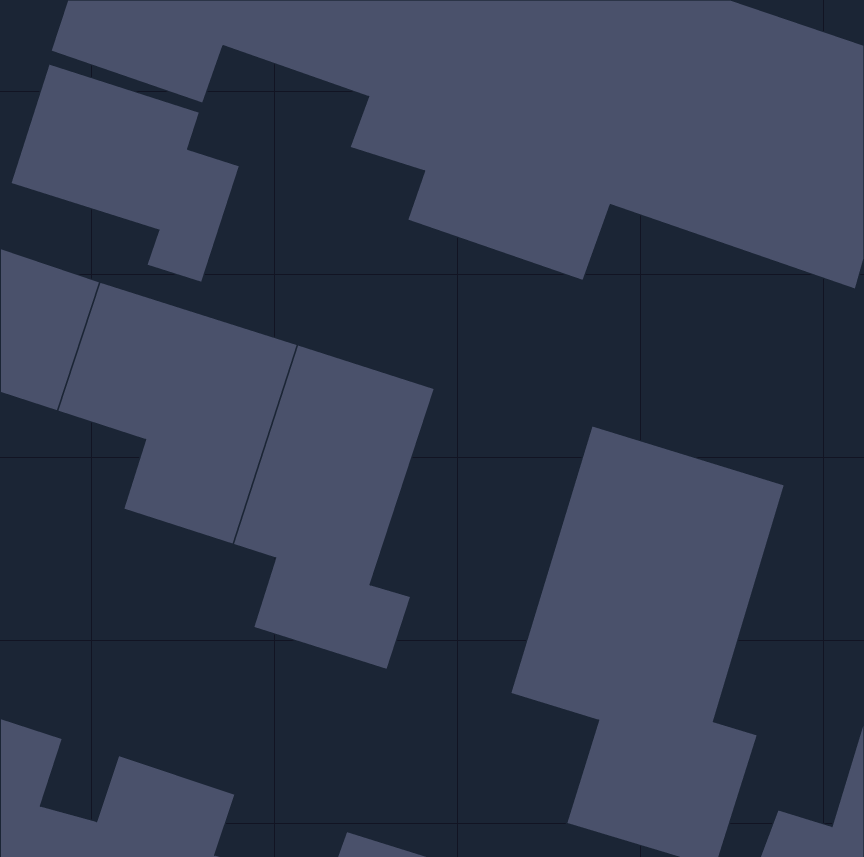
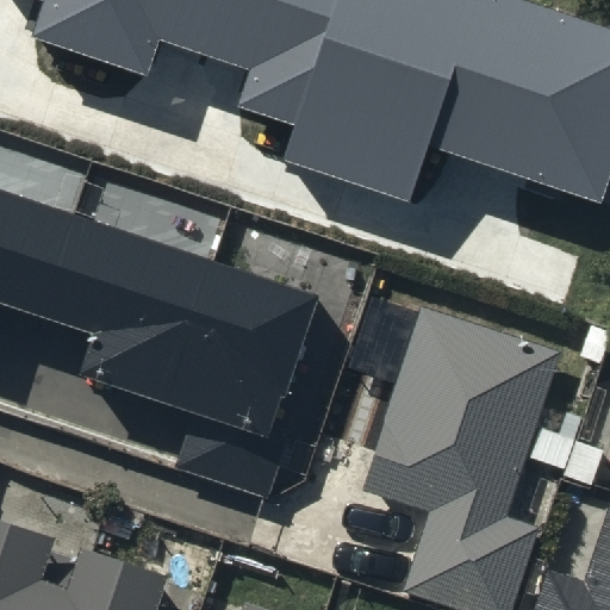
building: [11,64,240,282] -> none

